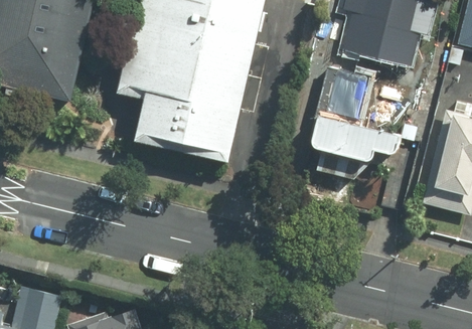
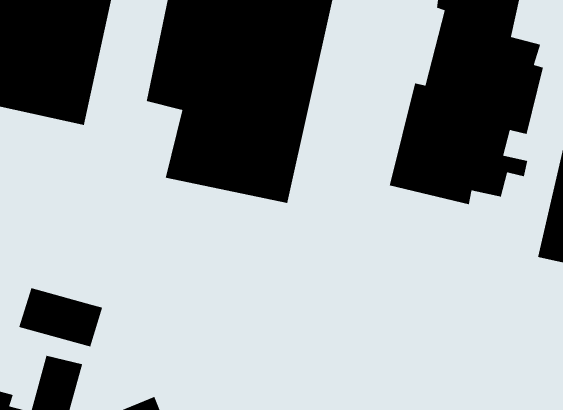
building: none -> [18,287,103,348]

